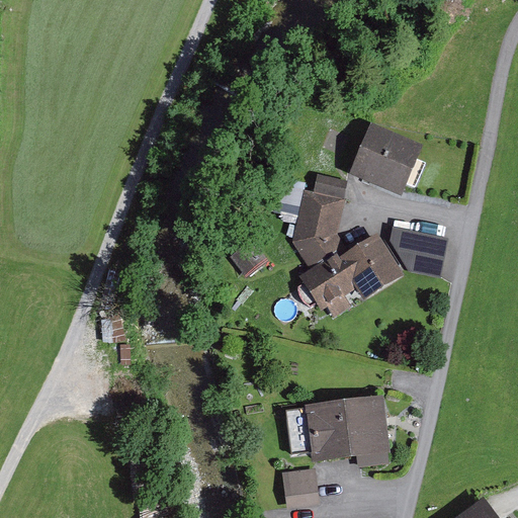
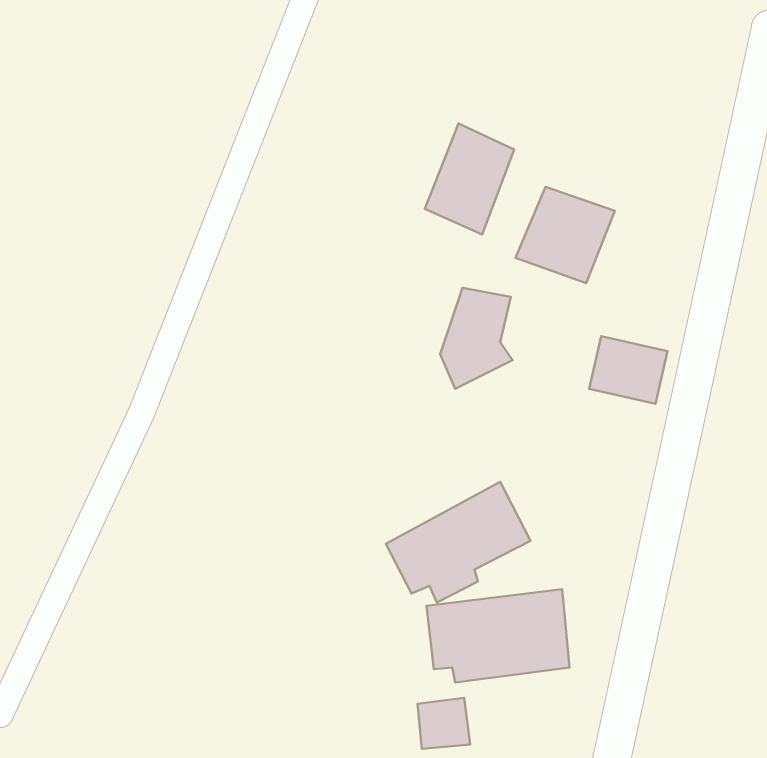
building: none -> [425,123,514,234]
building: [299,233,397,314] -> [386,482,530,603]

